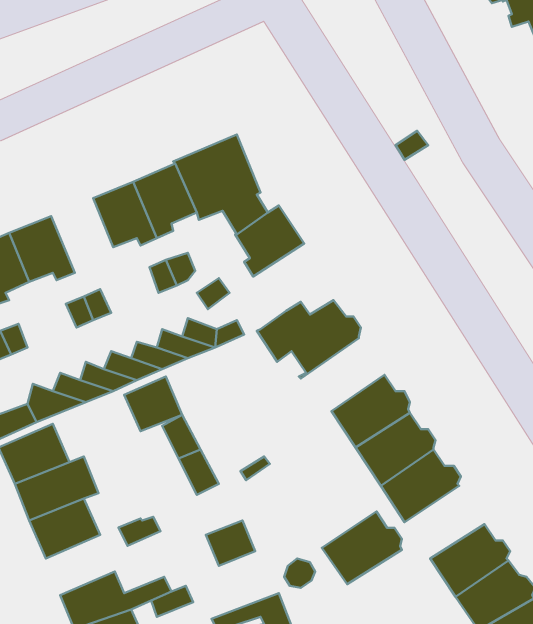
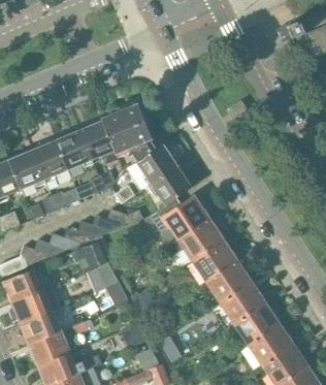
building: none -> [33,139,68,182]
building: none -> [148,165,192,203]
building: none -> [174,219,223,260]
building: [322,511,402,584] -> [233,302,279,344]
building: none -> [30,330,69,364]

